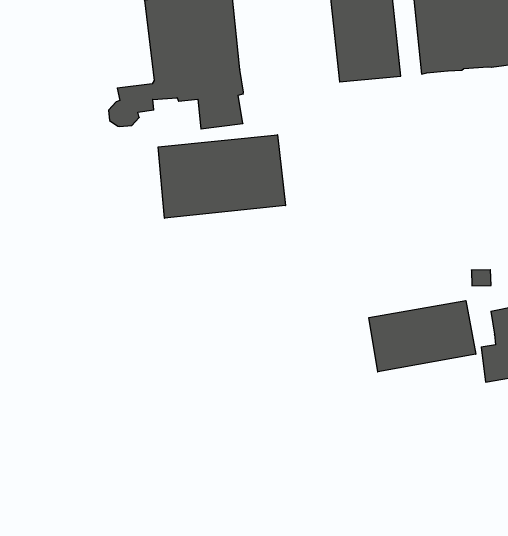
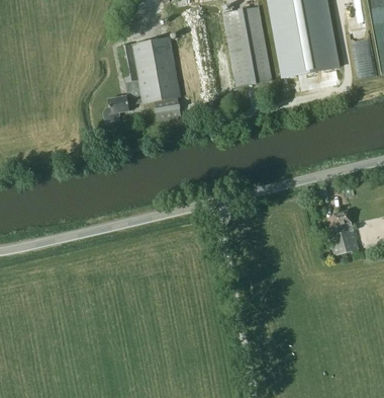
building: [158,135,285,218] -> none
building: [369,301,476,372] -> none

